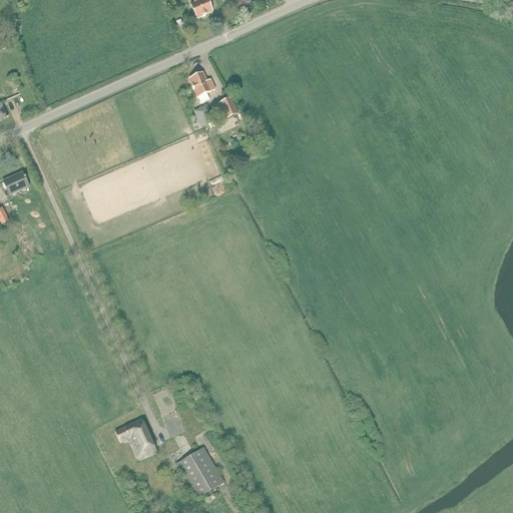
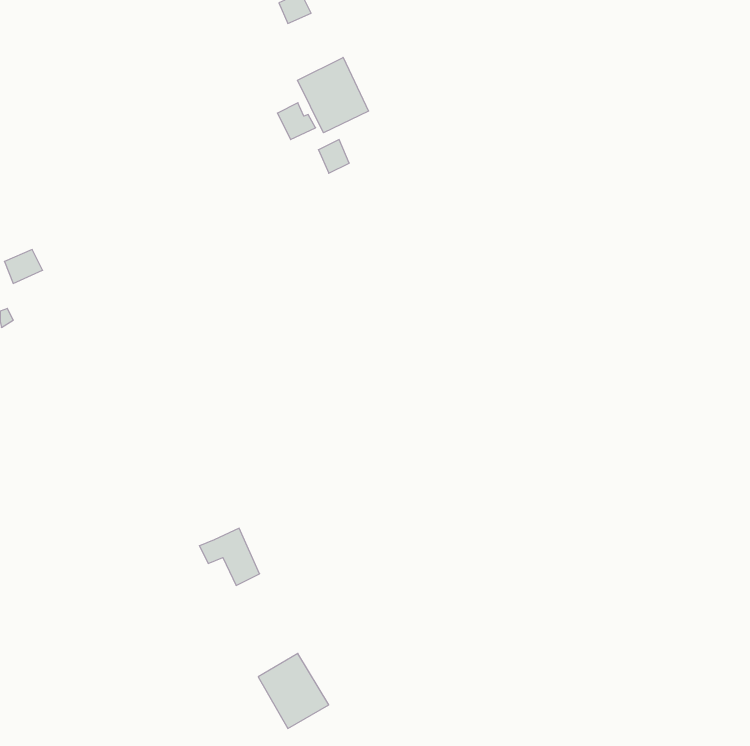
building: none -> [297,57,368,133]
building: [114,418,155,457] -> [199,528,260,585]

